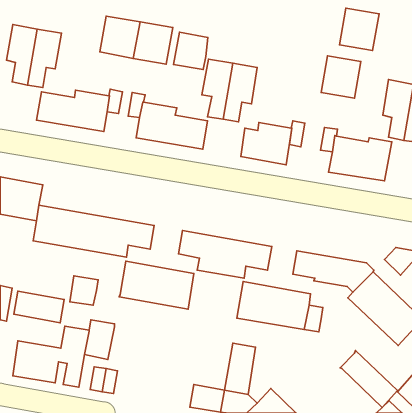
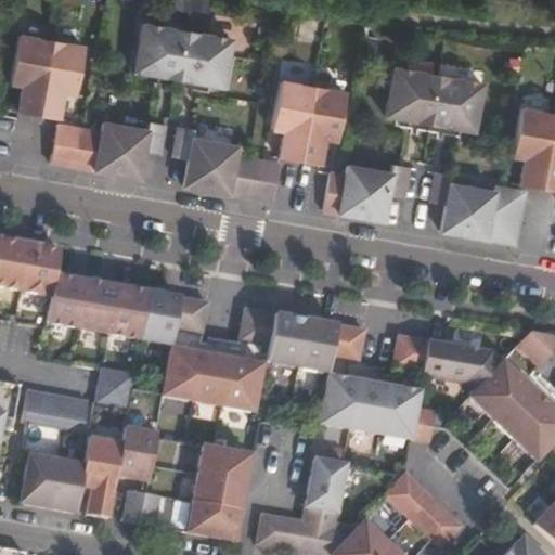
building: [339,8,379,50] -> [388,67,441,124]
building: [174,32,208,70] -> none
building: none -> [188,444,251,540]
building: [340,351,398,407] -> [385,472,462,547]

